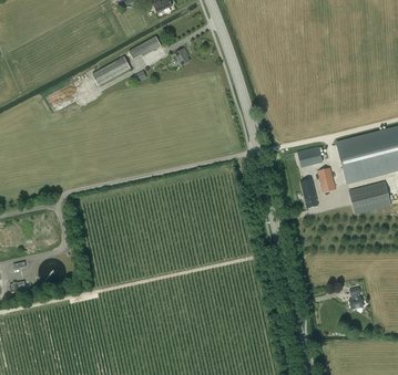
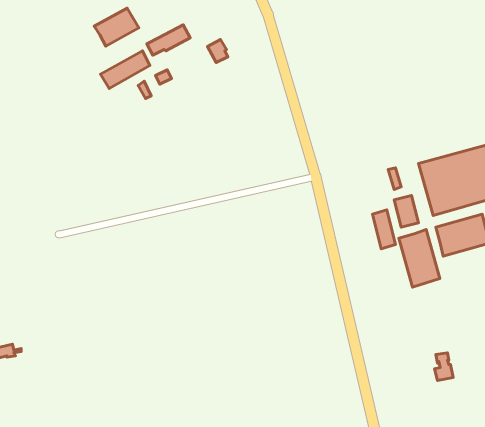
building: none -> [94,8,139,46]
building: none -> [399,230,440,287]

